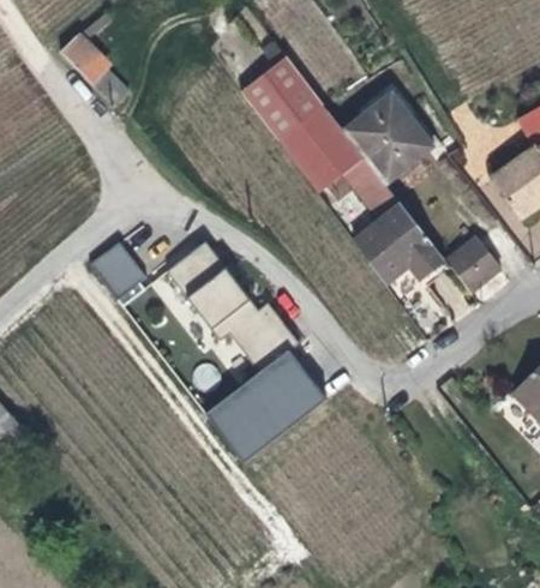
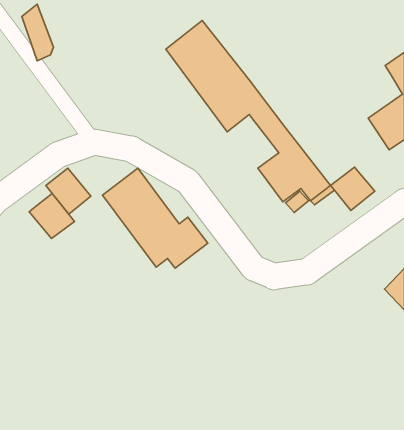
building: [344,91,437,186] -> none
building: none -> [29,193,75,239]
building: [205,348,325,460] -> none

